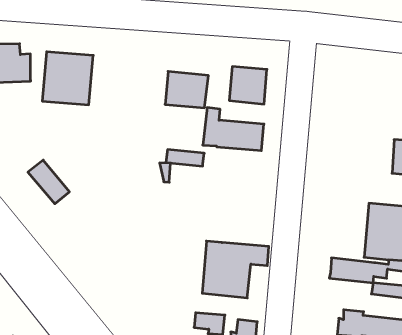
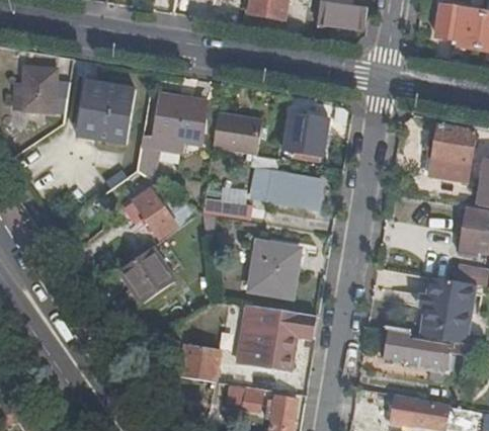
building: none -> [137,92,206,180]
building: none -> [428,124,473,180]
building: [28,160,69,204] -> [135,188,179,238]
building: none -> [249,242,300,299]
building: none -> [120,247,176,303]
building: none -> [180,344,220,380]

